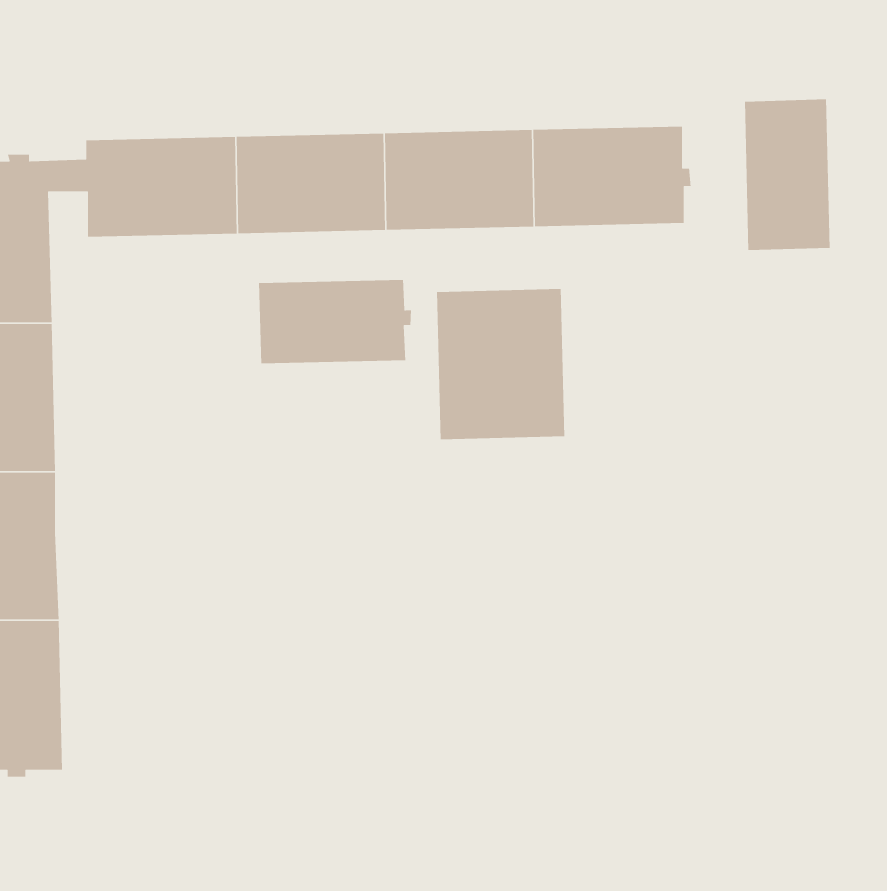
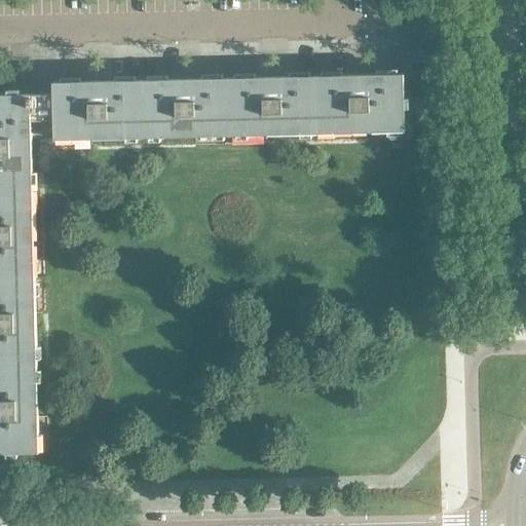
building: [744,99,830,251] -> none
building: [258,279,412,364] -> none
building: [436,288,565,440] -> none

